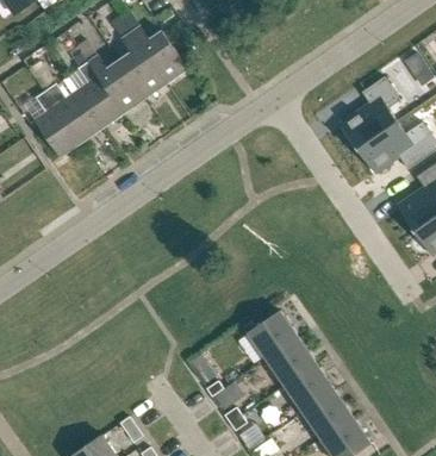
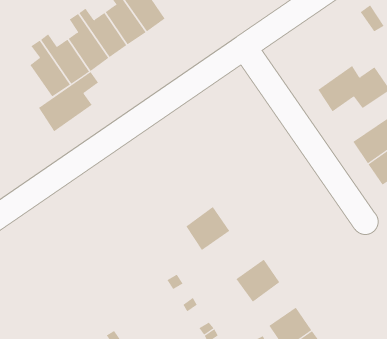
building: [340,75,399,146] -> none
building: none -> [38,71,99,132]
building: [247,308,297,358] -> [186,206,230,251]
building: [284,362,332,411] -> none

